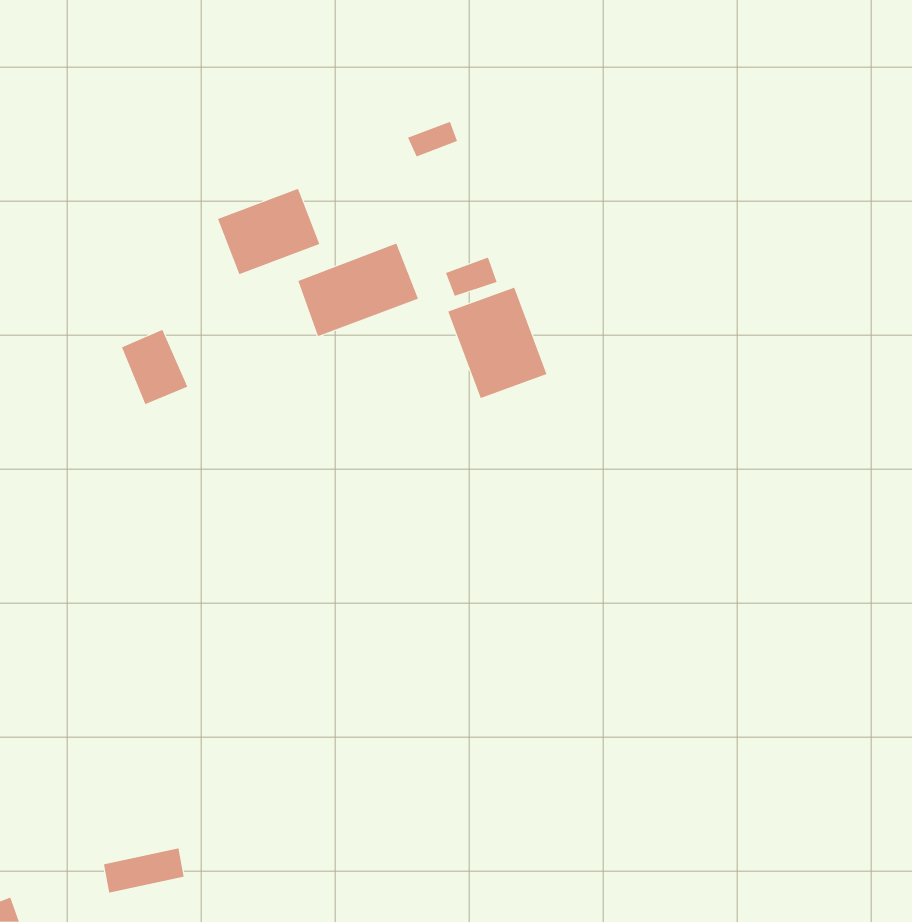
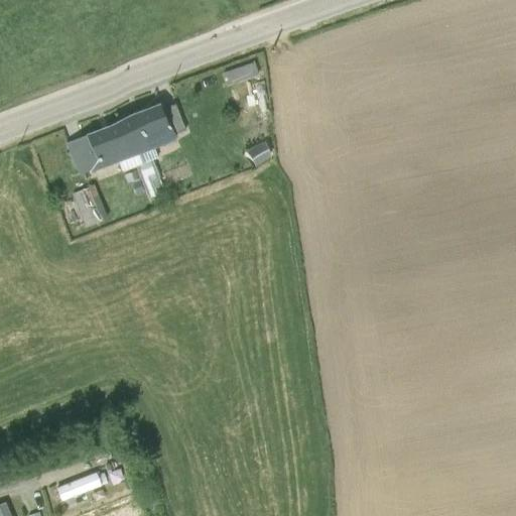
building: [297,243,419,337] -> [66,122,133,174]
building: [448,287,547,399] -> none

